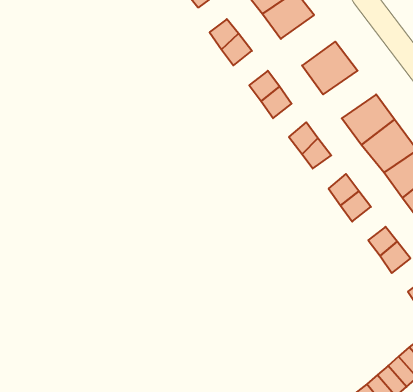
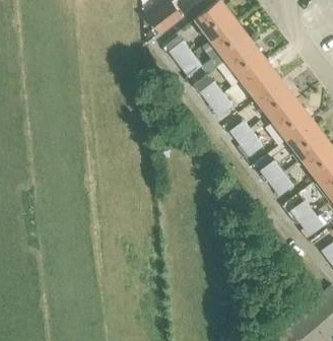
building: none -> [223,39,265,77]
building: none -> [256,81,296,118]

